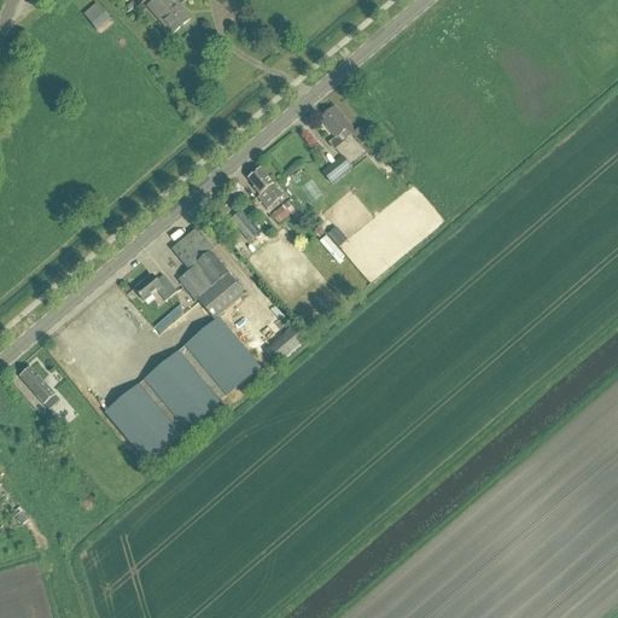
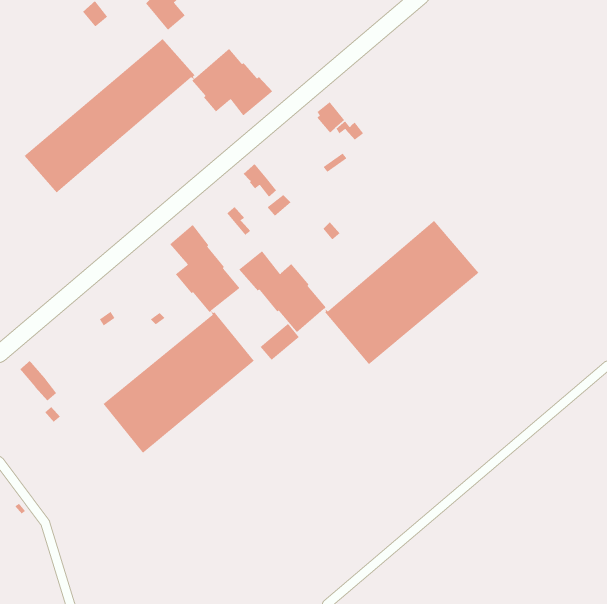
building: none -> [24,38,273,193]
building: none -> [238,220,479,365]
building: [133,272,176,299] -> none

